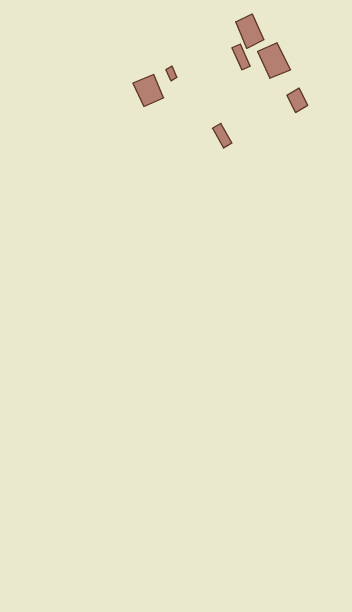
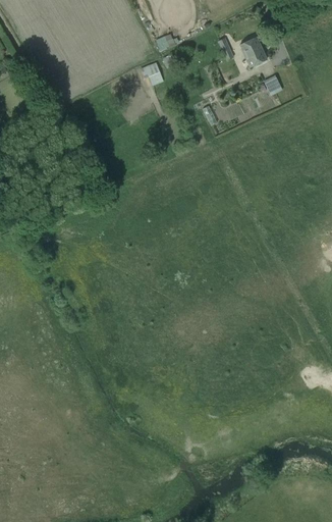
building: [236,14,264,48] -> none

